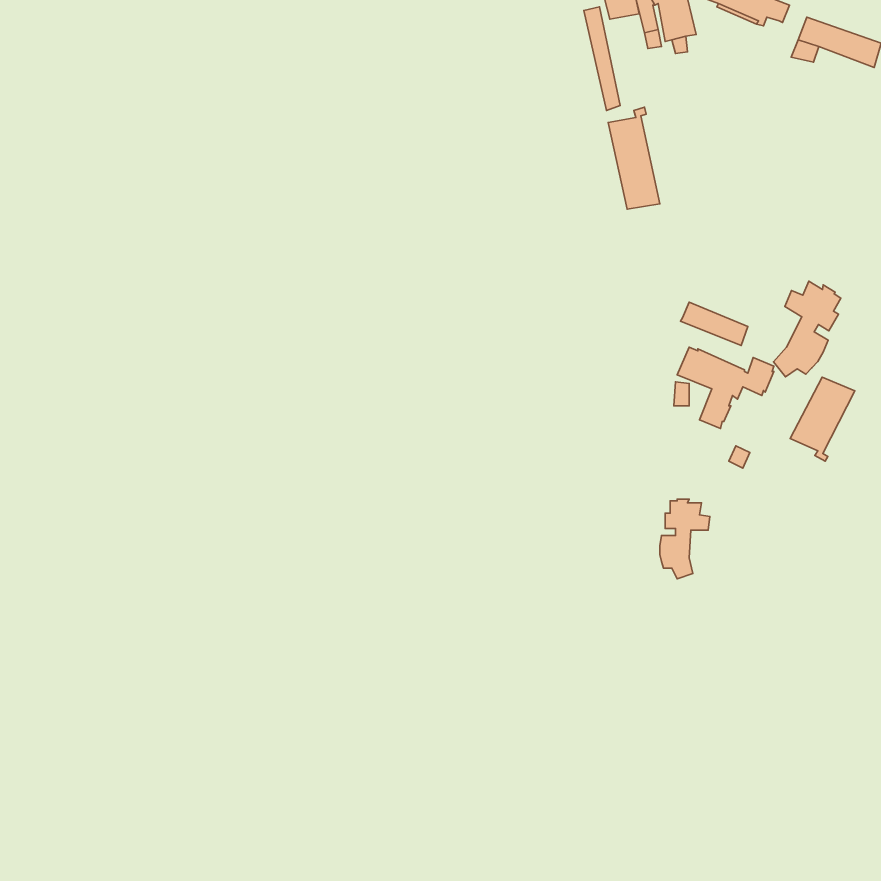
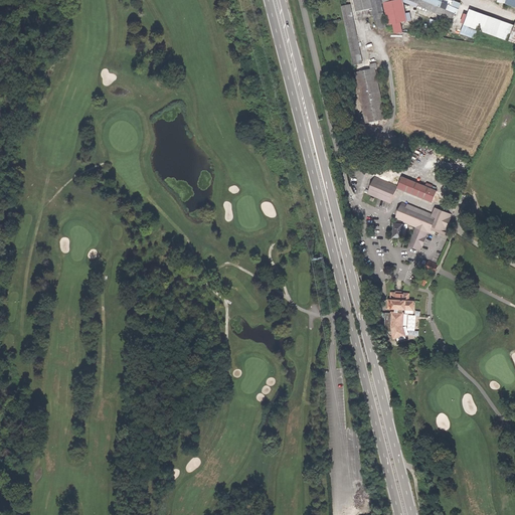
building: [773,281,841,377] -> none
building: none -> [367,176,397,202]
building: [790,377,855,461] -> none

